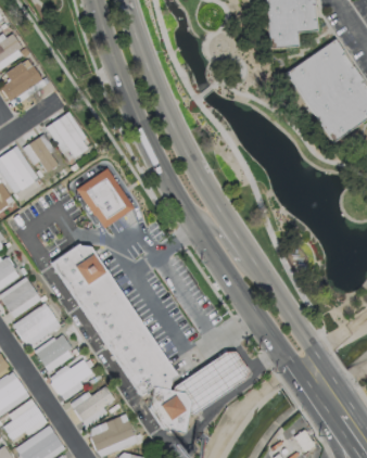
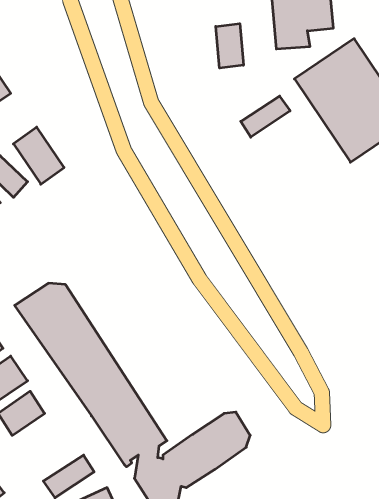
building: none -> [216,24,243,68]
building: none -> [241,96,290,137]
building: [77,168,135,229] -> none
building: [52,361,96,398] -> none

